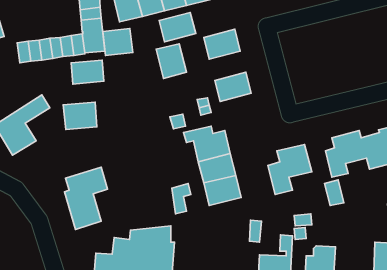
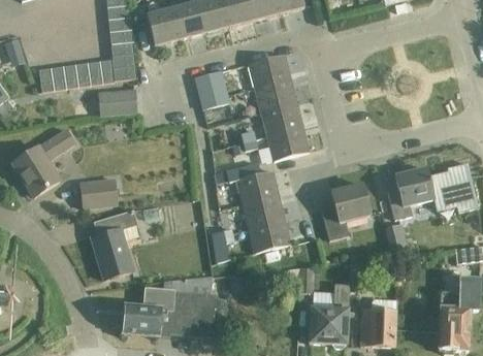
building: [159,12,196,42] -> [255,77,296,110]
building: [103,29,133,56] -> none
building: none -> [267,125,310,160]
building: [63,102,97,129] -> [79,176,118,207]

